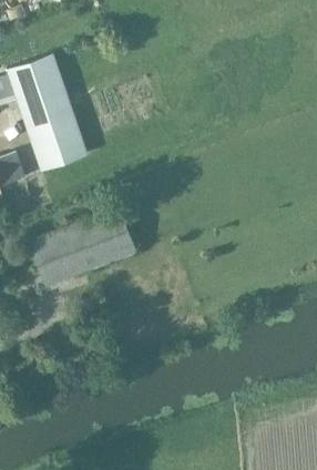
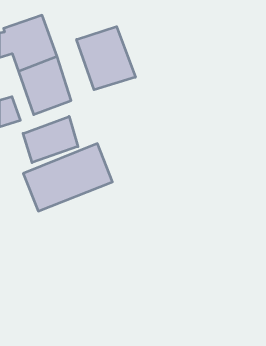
building: none -> [77,27,135,90]
building: none -> [23,116,78,163]

